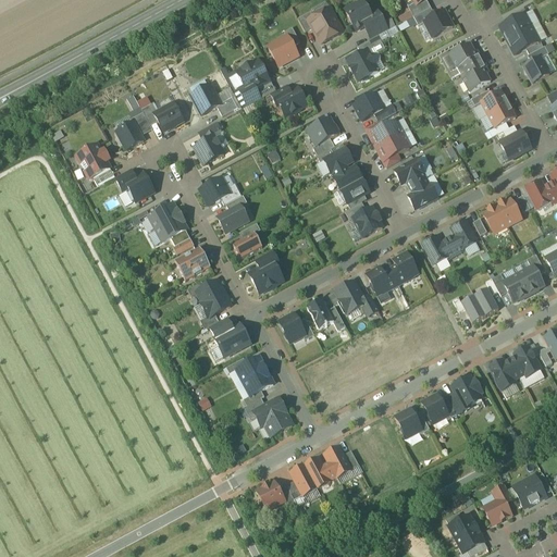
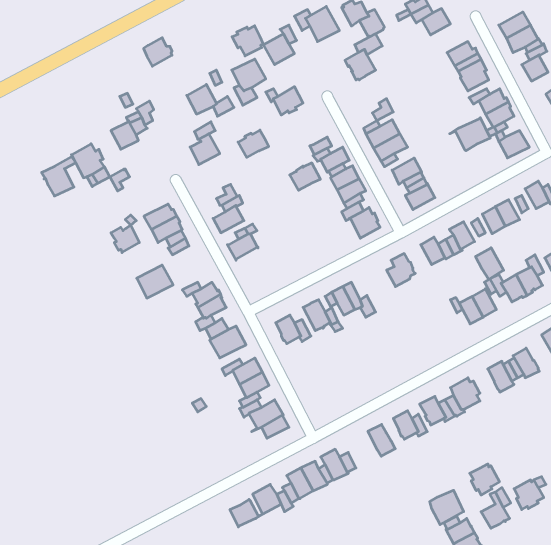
building: none -> [232,26,264,56]
building: [354,91,384,119] -> none
building: [154,101,183,129] -> [144,38,172,66]
building: [308,116,338,144] -> [290,163,320,190]
building: none -> [450,118,490,151]
building: none -> [42,157,76,196]
building: [125,173,153,200] -> [111,225,139,253]
building: [200,176,231,203] -> [238,130,269,157]
building: none -> [476,248,504,279]
building: [175,246,211,278] -> [137,265,173,298]
building: [249,249,282,292] -> none
building: [367,265,398,293] -> none
building: none -> [368,424,395,456]
building: none -> [470,464,499,495]
building: none -> [430,490,464,525]
building: none -> [230,499,263,527]

